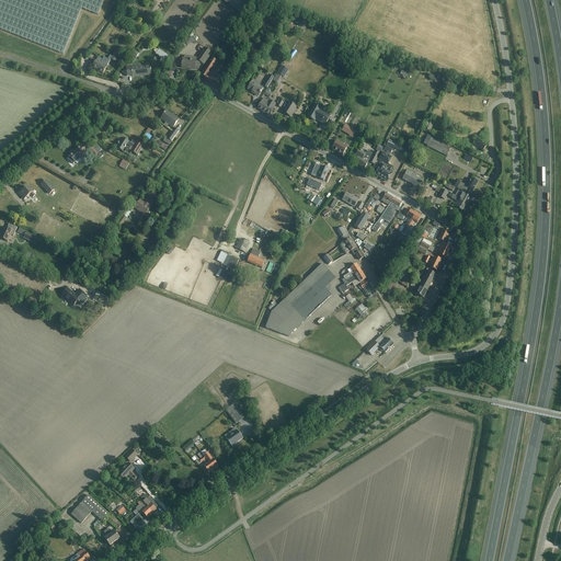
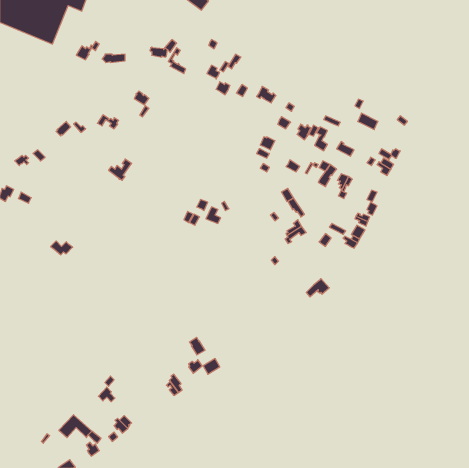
building: [264,262,334,335] -> none

